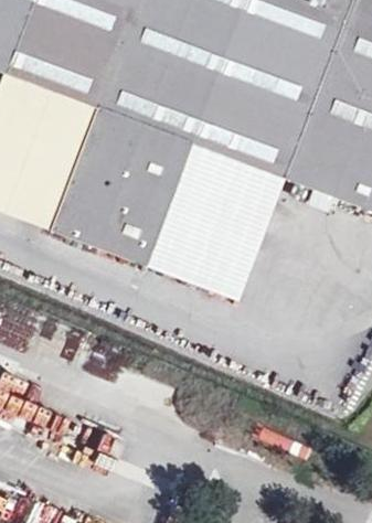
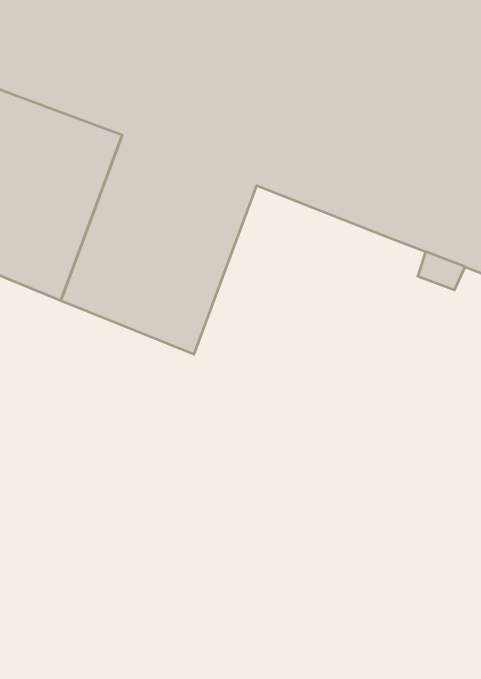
building: [145,143,283,300] -> none

